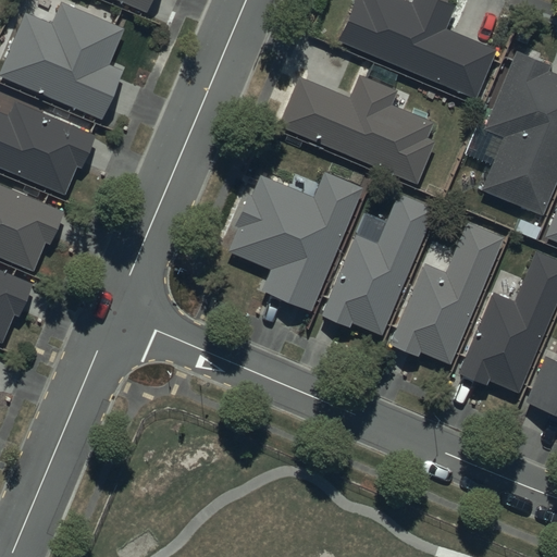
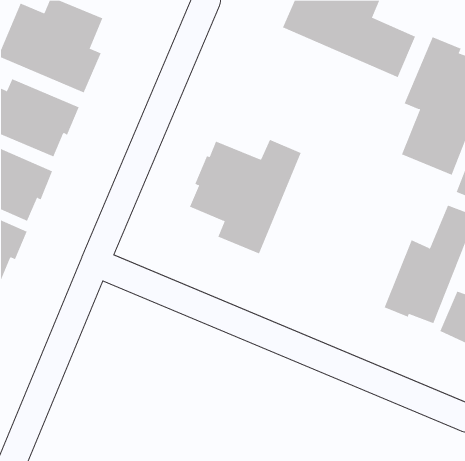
building: [277,75,435,184] -> none
building: [320,194,434,335] -> none
building: [388,222,503,364] -> none

